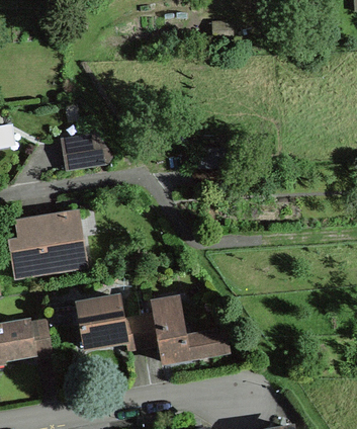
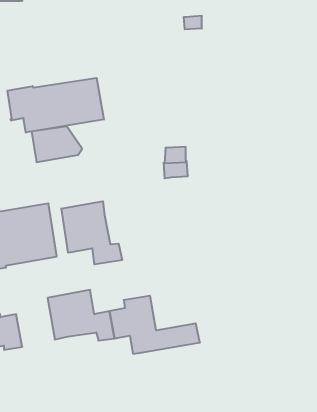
building: none -> [8,78,104,133]
building: none -> [61,201,122,264]

